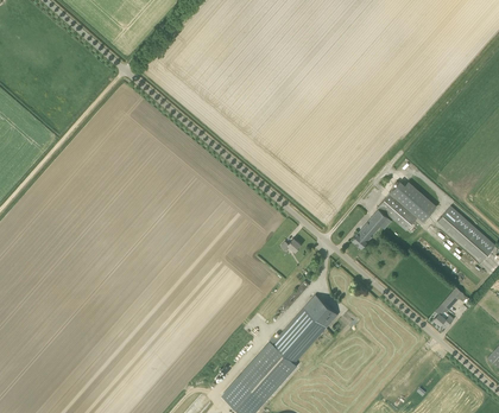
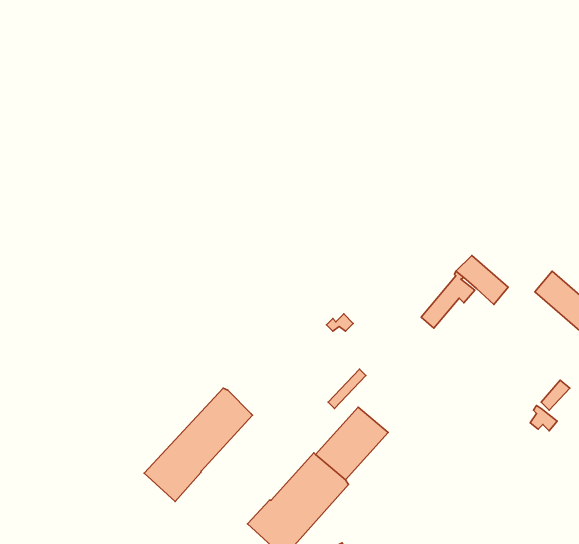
building: [390,182,436,223] -> none
building: none -> [144,388,253,501]
building: [304,296,337,328] -> none

